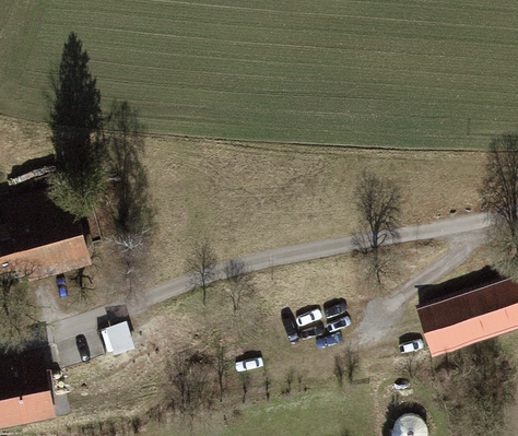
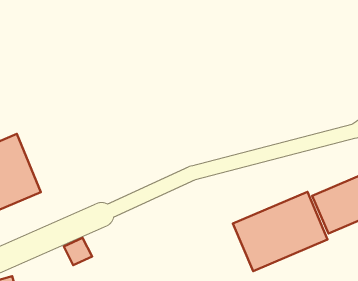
building: none -> [233,192,328,271]

